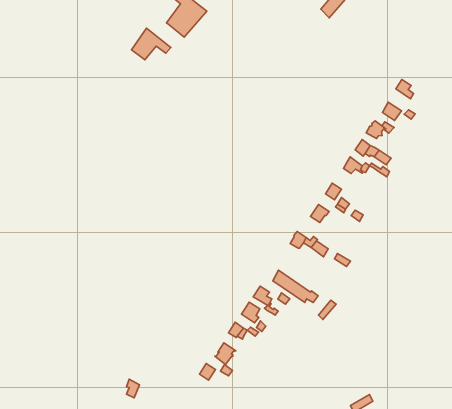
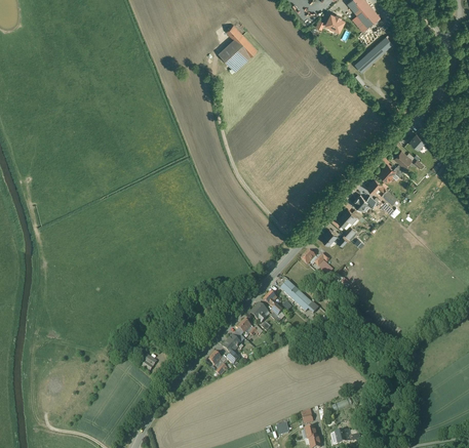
building: [131,28,171,60] -> none

